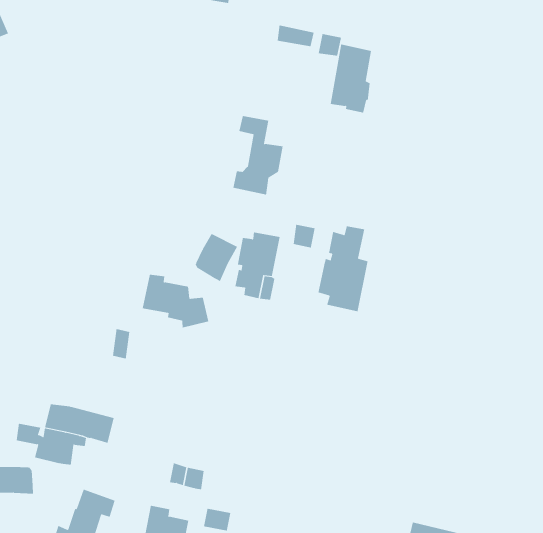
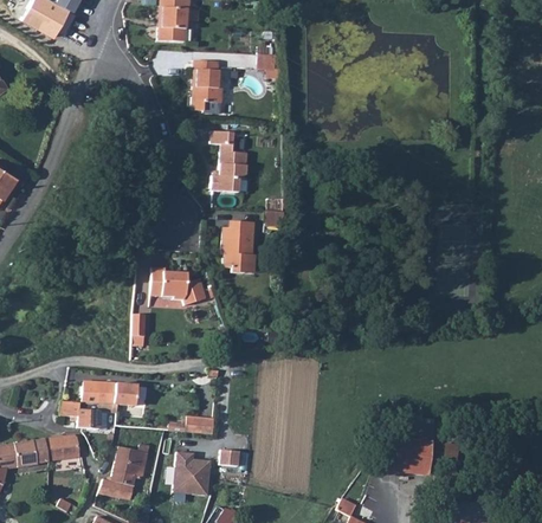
building: [330,44,372,113] -> [194,60,225,114]
building: [318,226,368,312] -> none
building: [195,233,238,282] -> none

